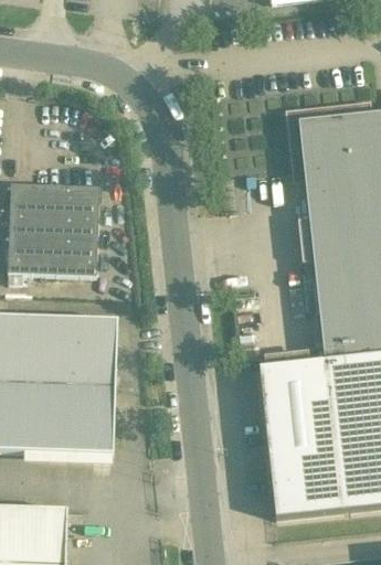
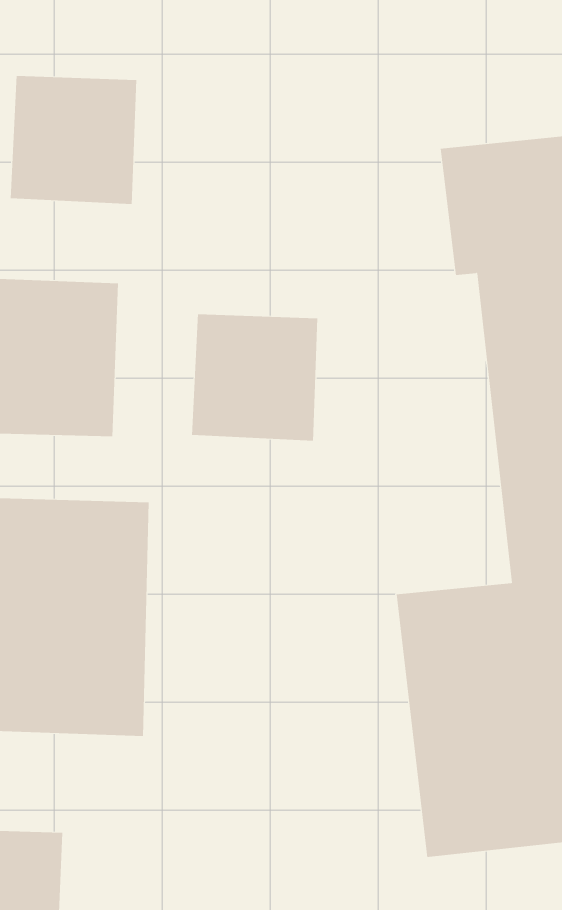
building: none -> [10,75,137,205]
building: none -> [192,313,318,442]

